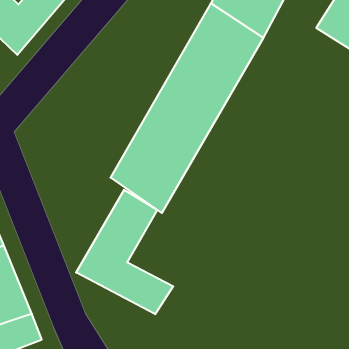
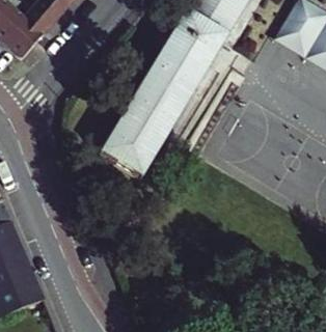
building: [76,190,173,314] -> none

